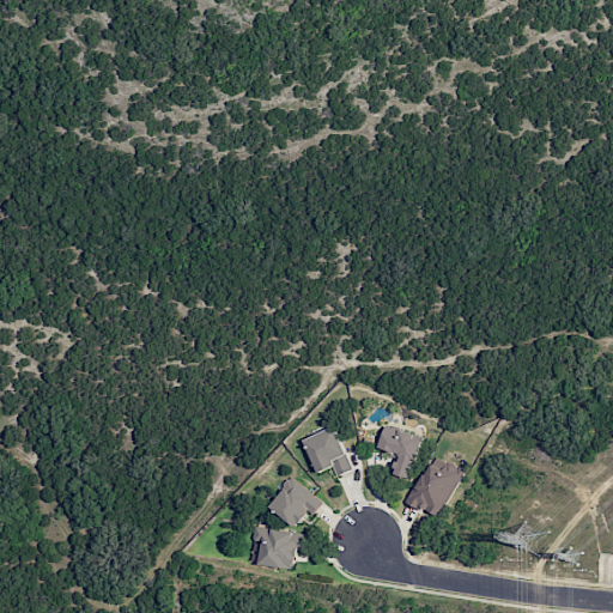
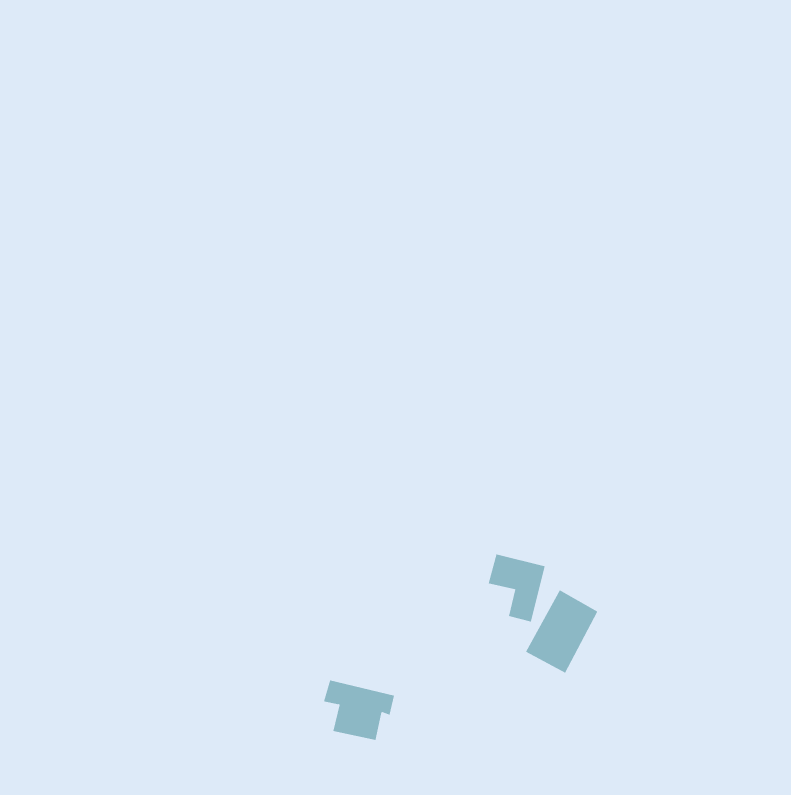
building: [302,426,351,475] -> none
building: [267,477,321,527] -> none

